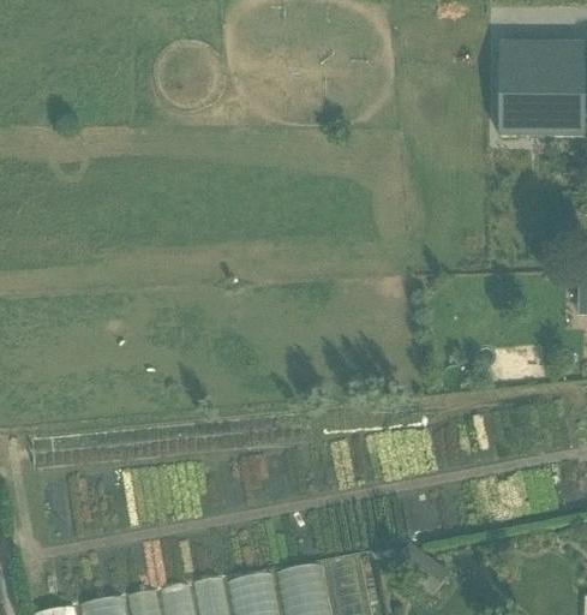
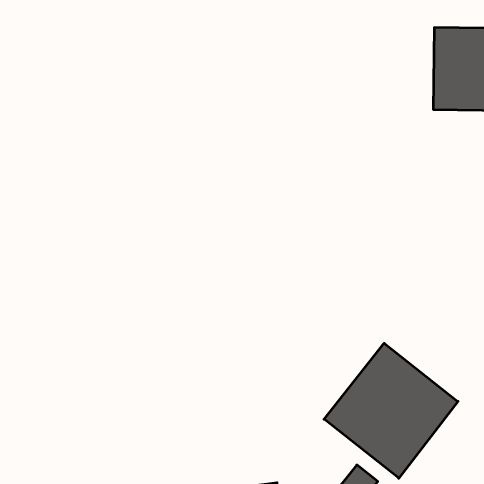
building: none -> [324,343,458,478]

